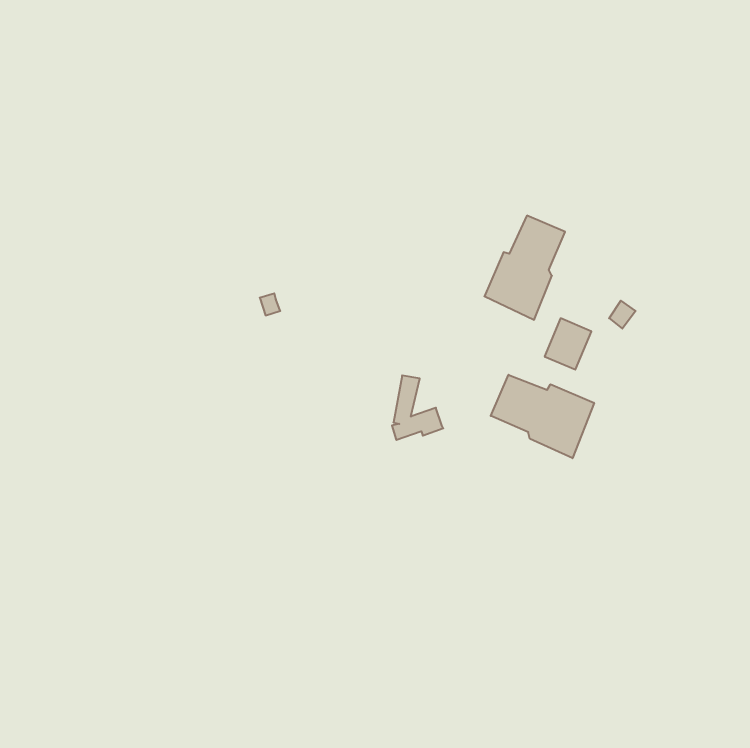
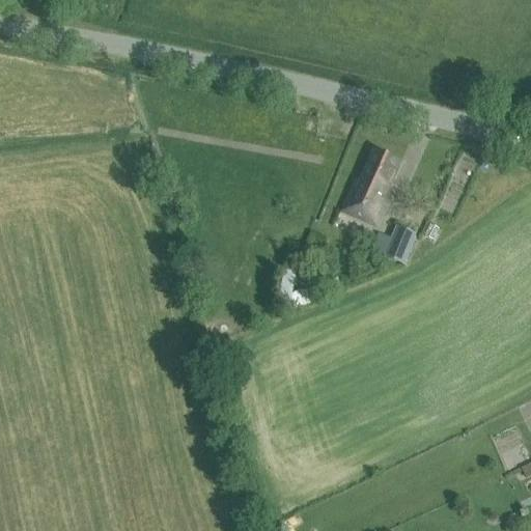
building: [491,375,594,458] -> none

